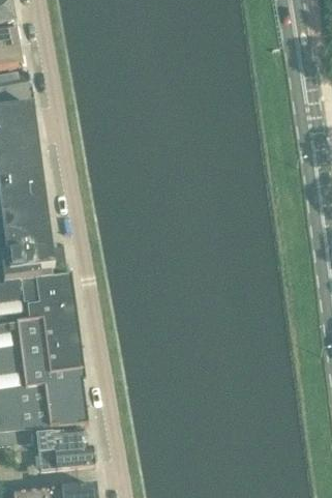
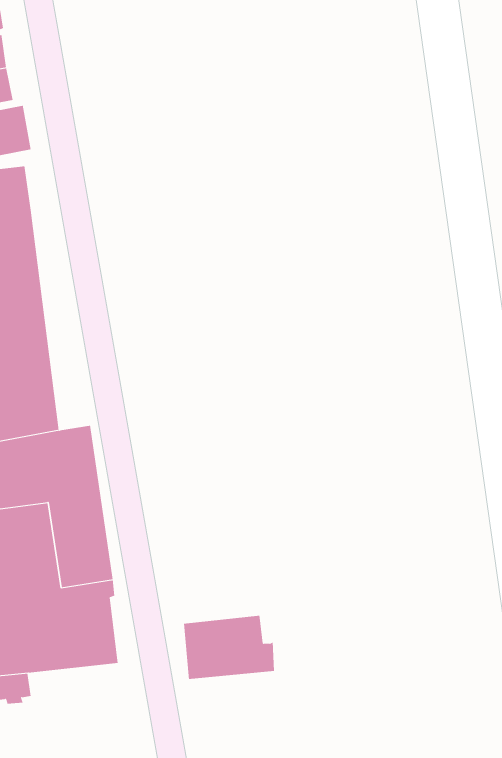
building: [36,427,94,467] -> [183,615,275,679]

